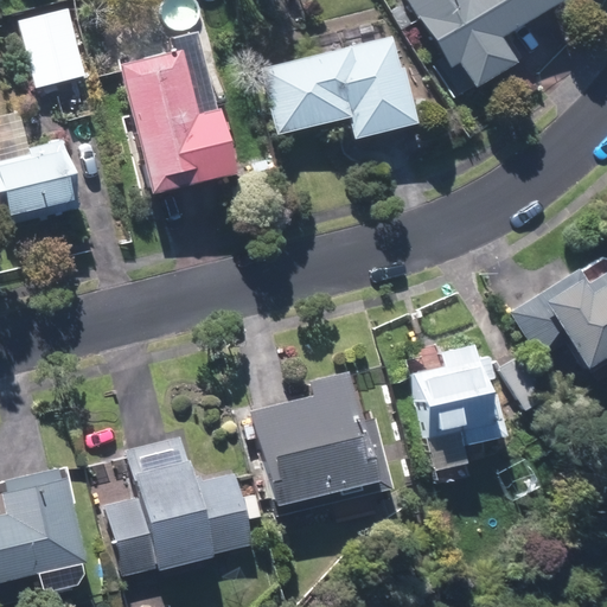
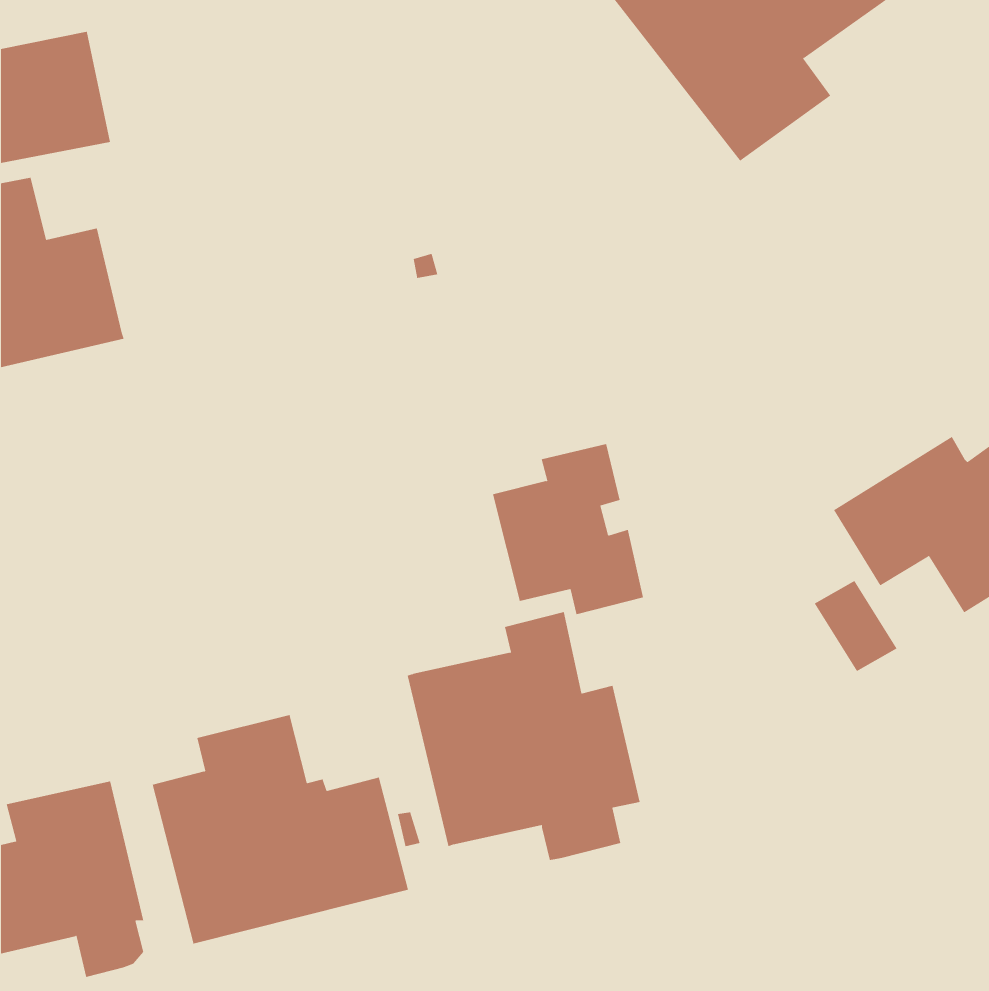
building: [123,30,241,191] -> none
building: [264,36,423,136] -> none
building: [409,343,501,447] -> [492,444,644,615]

